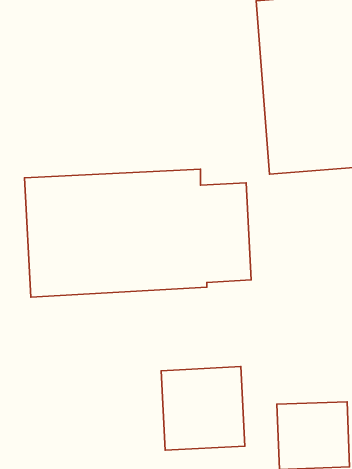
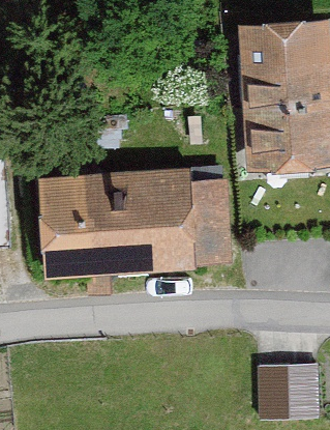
building: [161,367,245,450] -> none

